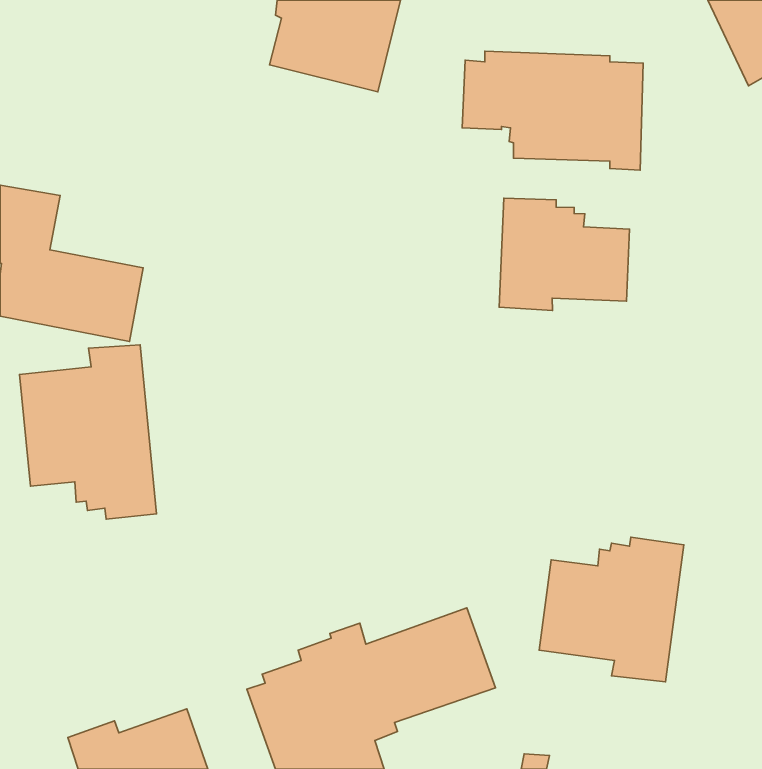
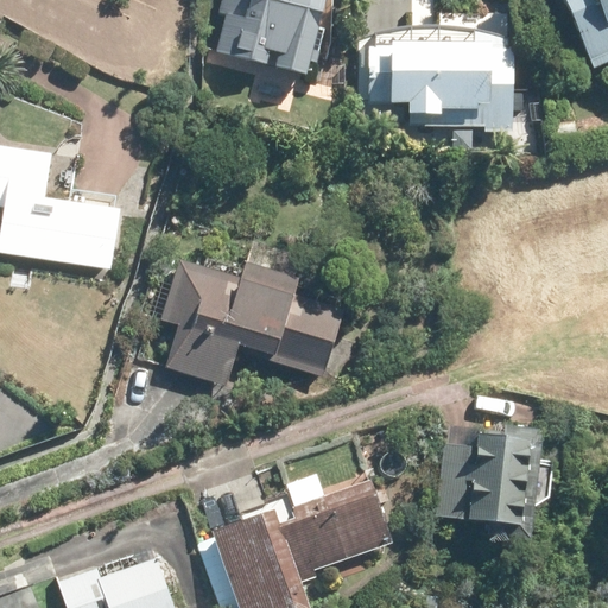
building: [499,198,629,310] -> none
building: none -> [160,246,344,385]
building: [20,345,156,519] -> none

